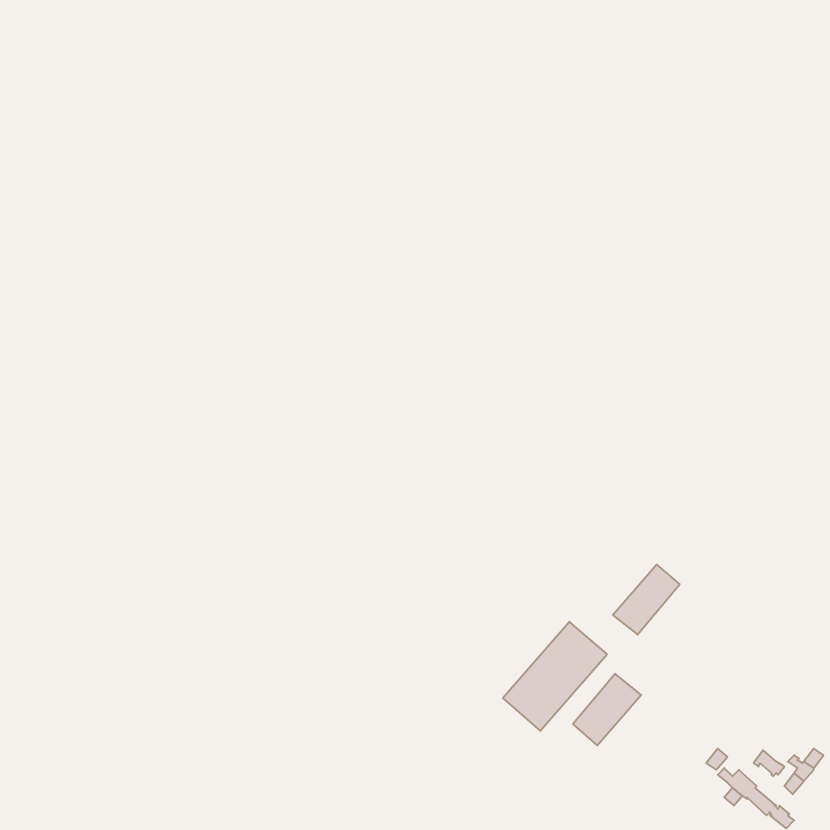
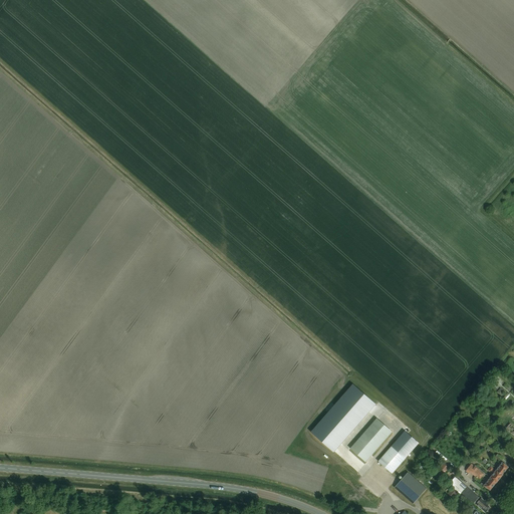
building: [613,565,680,635] -> [376,430,418,473]
building: none -> [394,471,427,503]

